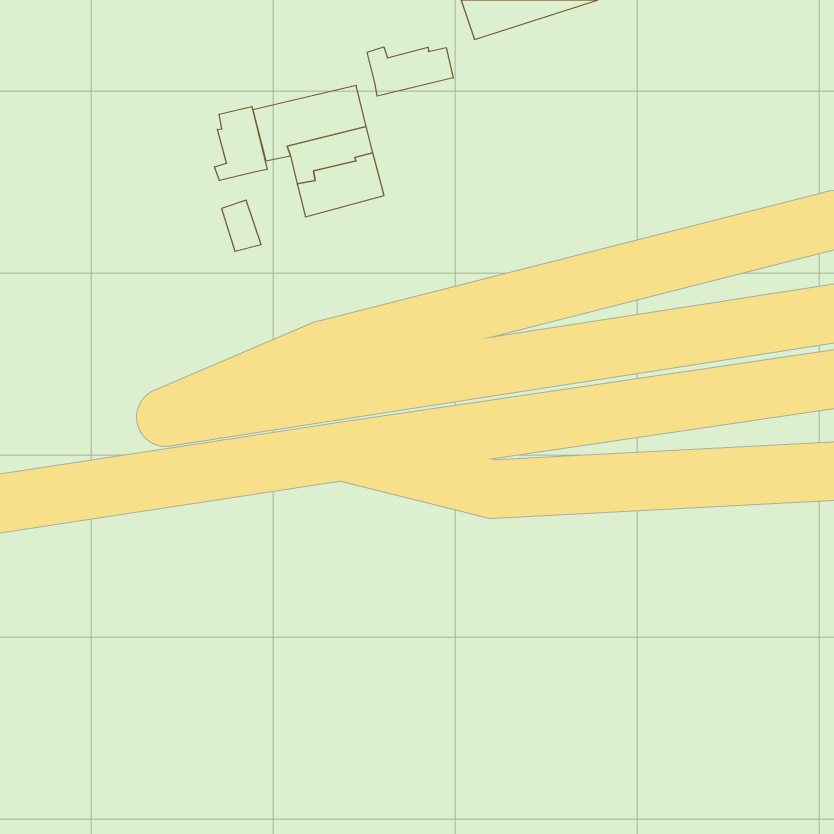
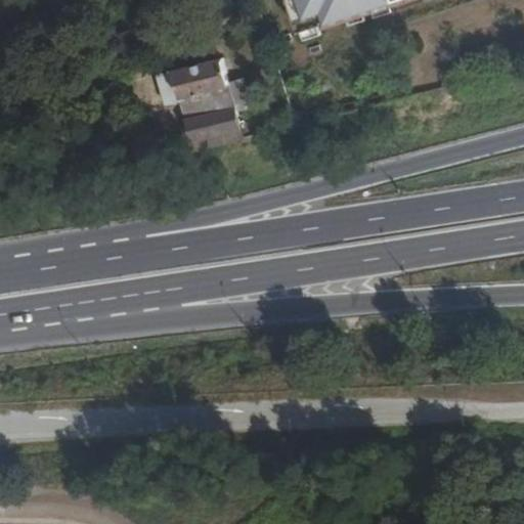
building: [367,47,453,96] -> none
building: [215,106,267,181] -> none

